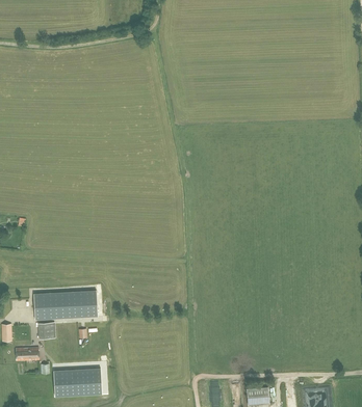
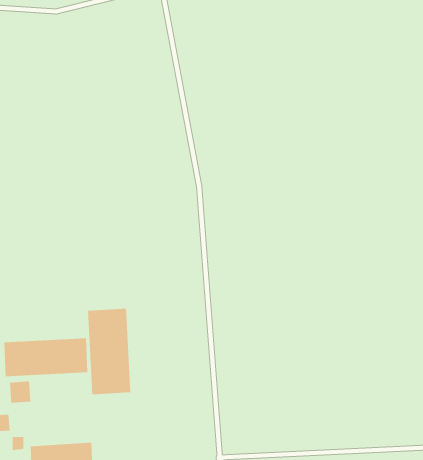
building: none -> [87,308,131,395]

